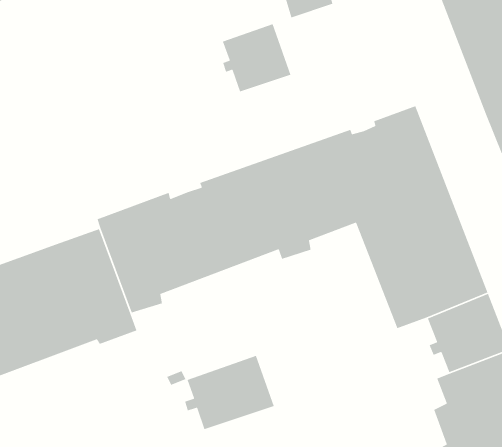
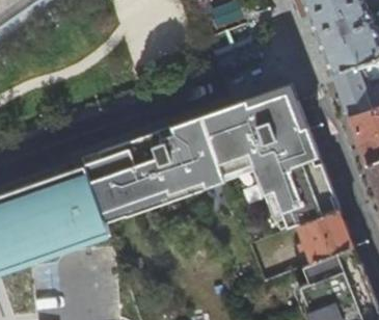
building: [222,23,291,92] -> none
building: [184,355,275,430] -> none

